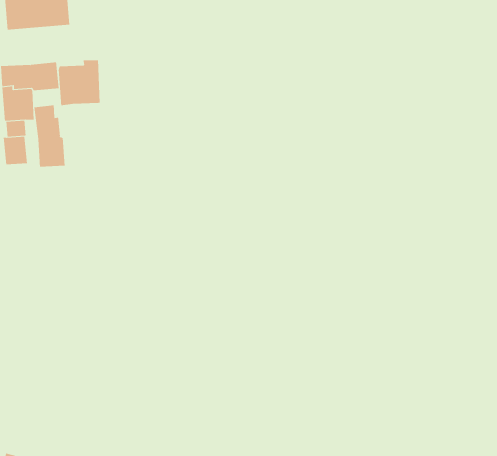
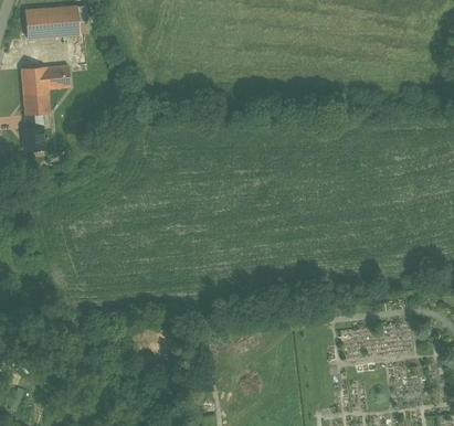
building: [58,60,100,106] -> none
building: [34,105,65,168] -> none

